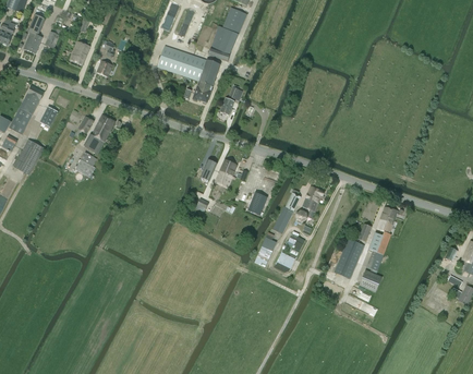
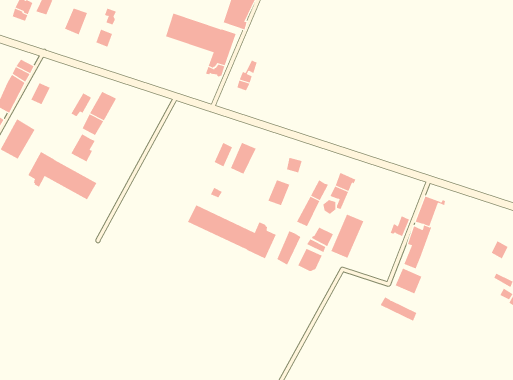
building: none -> [28,151,97,200]
building: none -> [187,205,276,259]
building: [335,239,364,278] -> [330,214,364,259]

